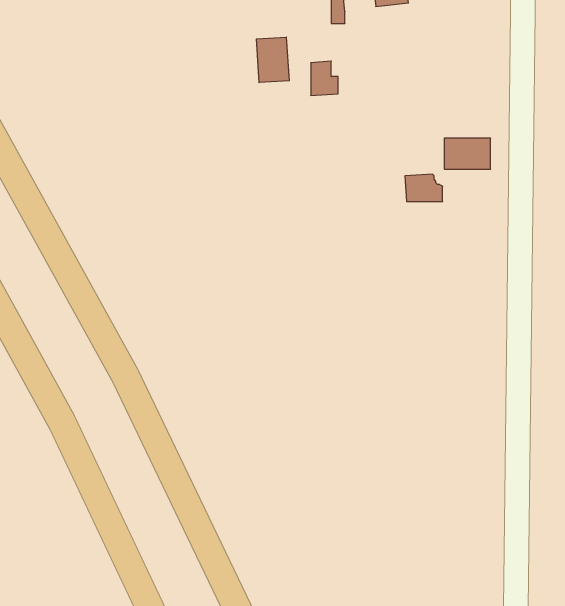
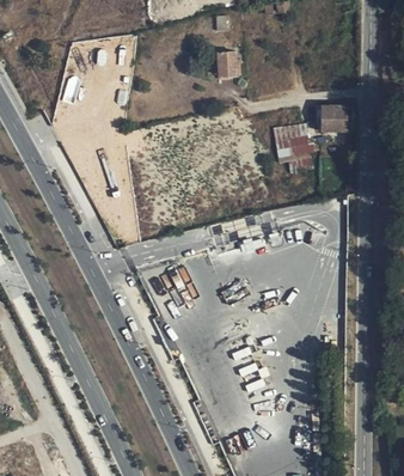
building: [256,37,289,83] -> none

